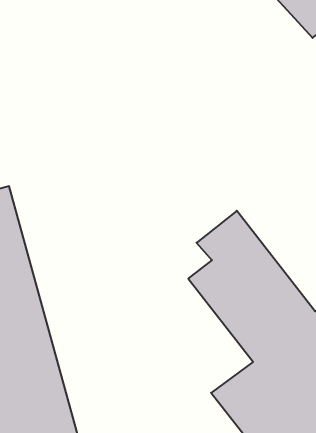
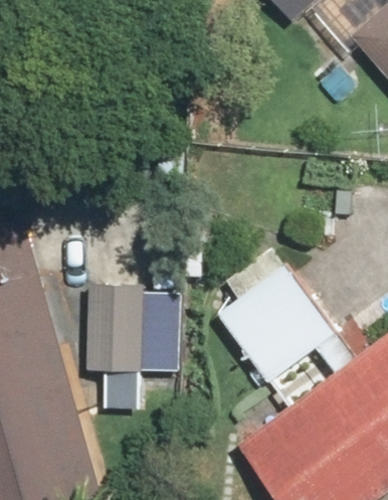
building: none -> [86,279,186,403]

